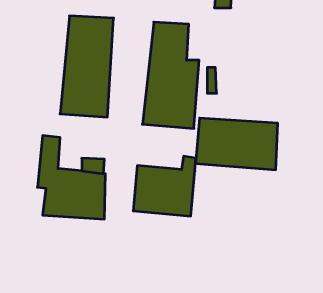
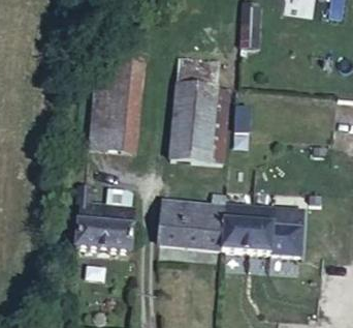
building: [196,118,278,170] -> [218,204,300,256]

